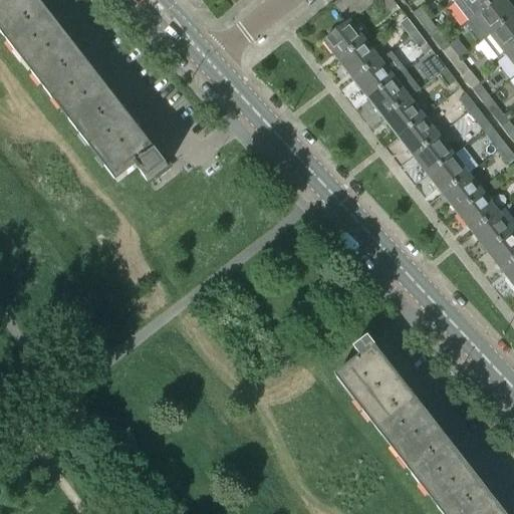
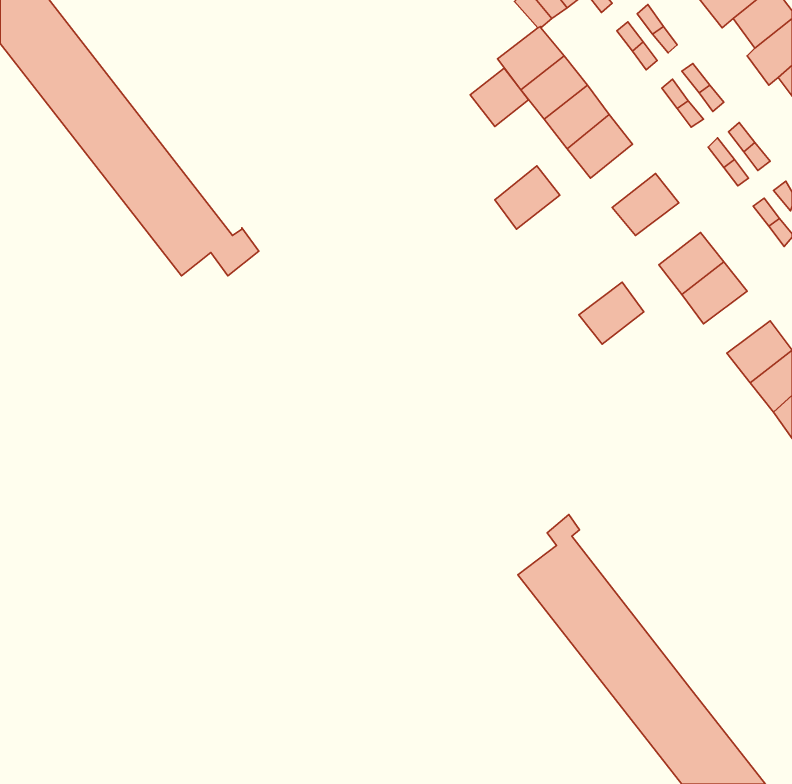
building: none -> [470,68,529,126]
building: [382,93,425,135] -> [495,166,560,229]
building: [412,132,454,172] -> [579,282,644,344]
building: [456,189,499,229] -> none

